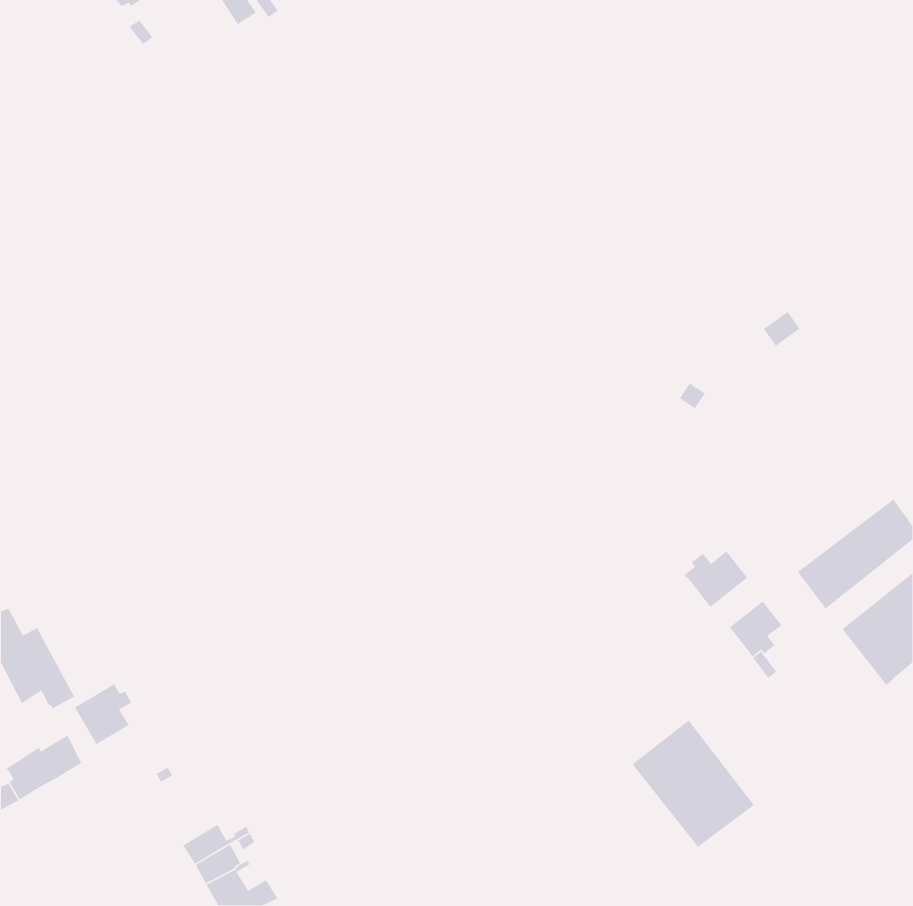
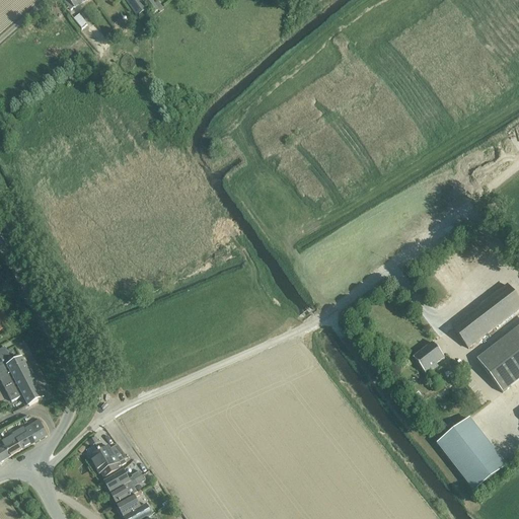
building: [684,550,748,608] -> none
building: [74,683,132,745] -> none
building: [632,719,755,848] -> [437,416,507,489]
building: none -> [89,442,128,475]

